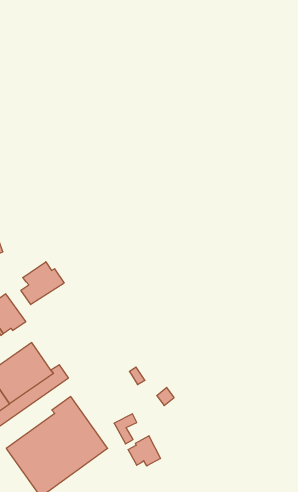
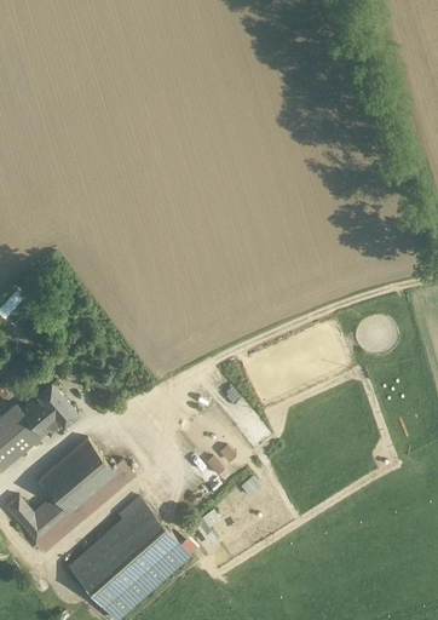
building: [21,262,64,305] -> none
building: [128,436,160,466] -> none

